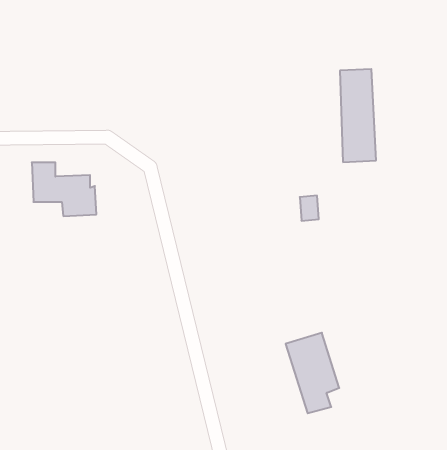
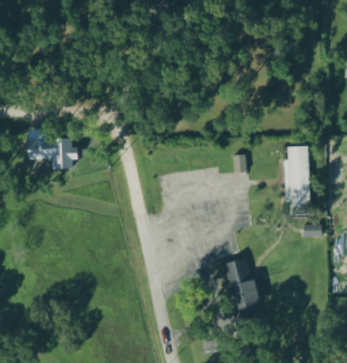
building: [340,69,376,162] -> [284,144,311,214]

